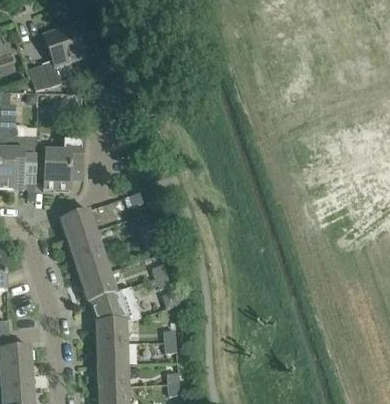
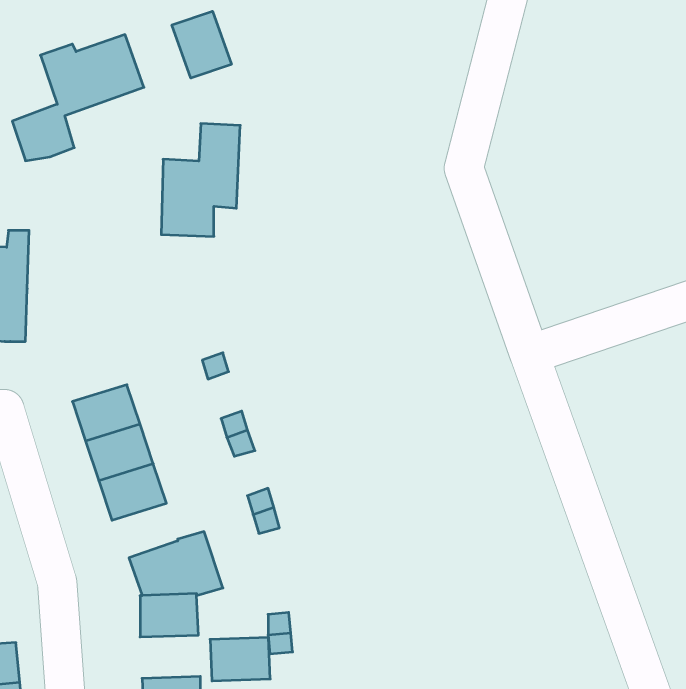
building: none -> [172,11,231,78]
building: [43,130,85,190] -> [161,124,240,236]
building: [81,272,116,302] -> none
building: [96,342,128,365] -> [210,638,270,681]

